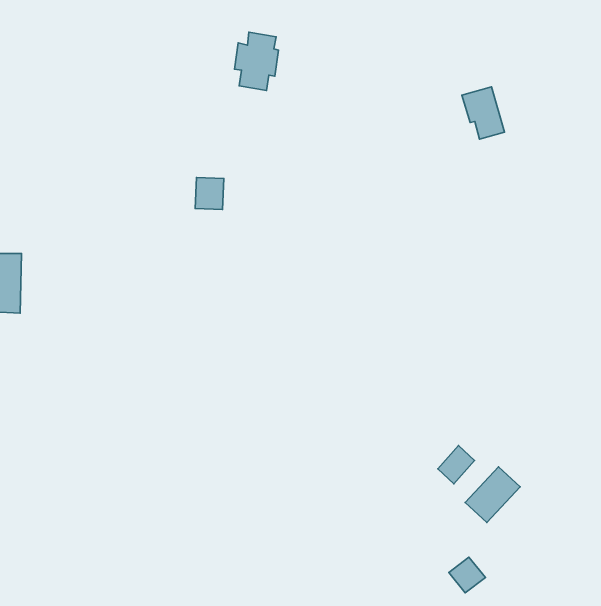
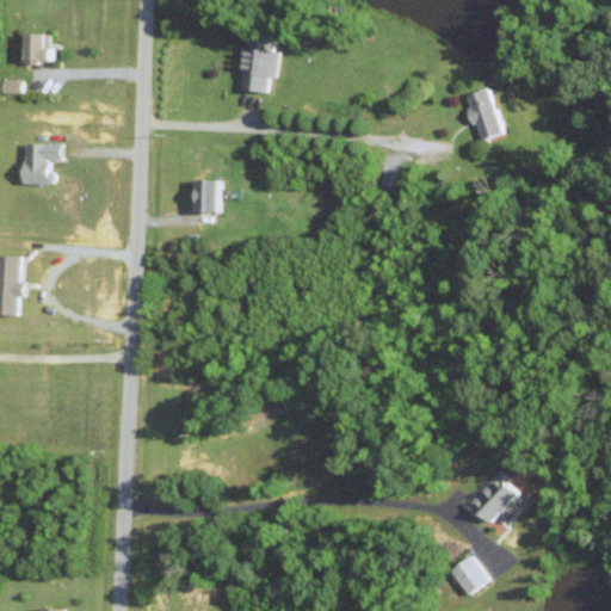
building: none -> [23,35,56,62]
building: none -> [21,144,61,184]
building: [438,446,474,484] -> none

